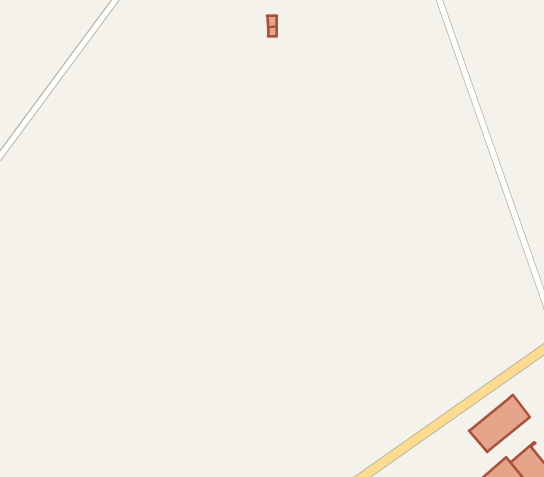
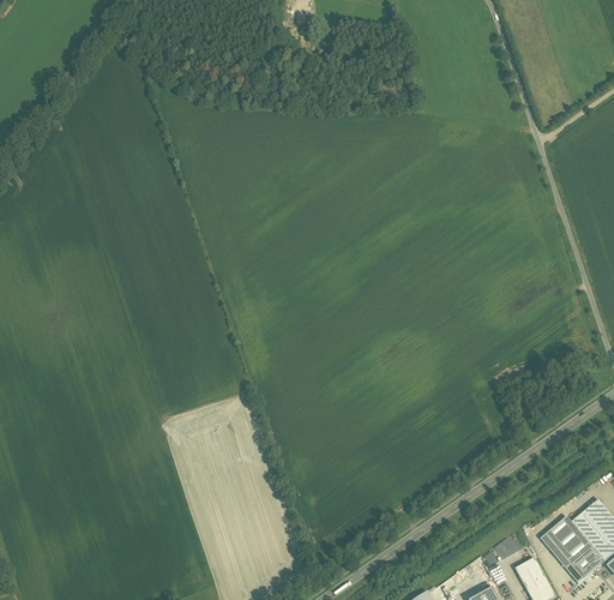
building: [469,395,530,452] -> none

